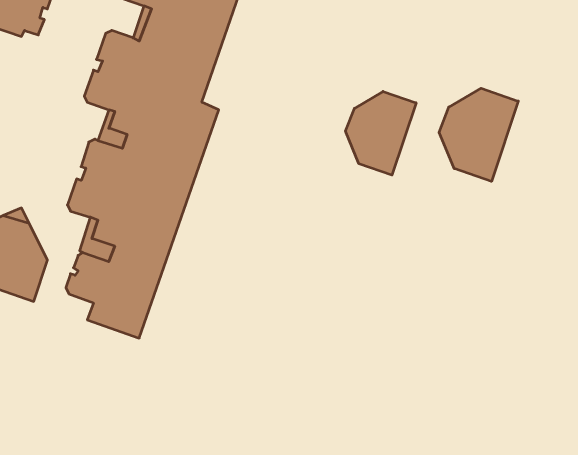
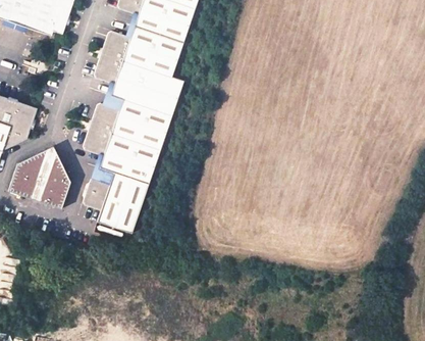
building: [439,88,518,181] -> none
building: [346,91,416,175] -> none

